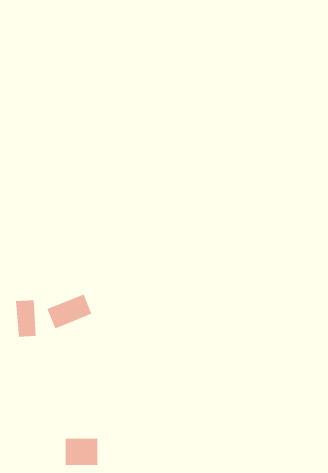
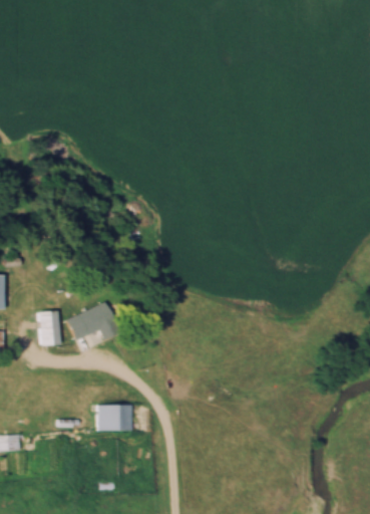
building: [65,438,98,466] -> [95,403,128,430]

